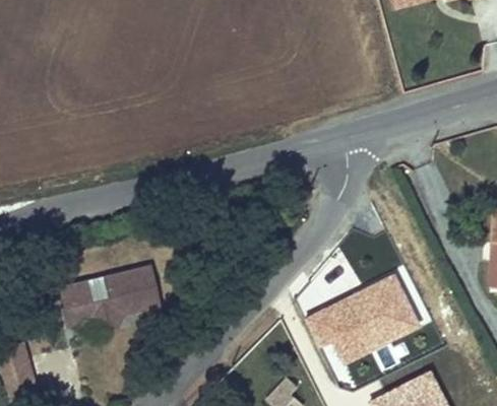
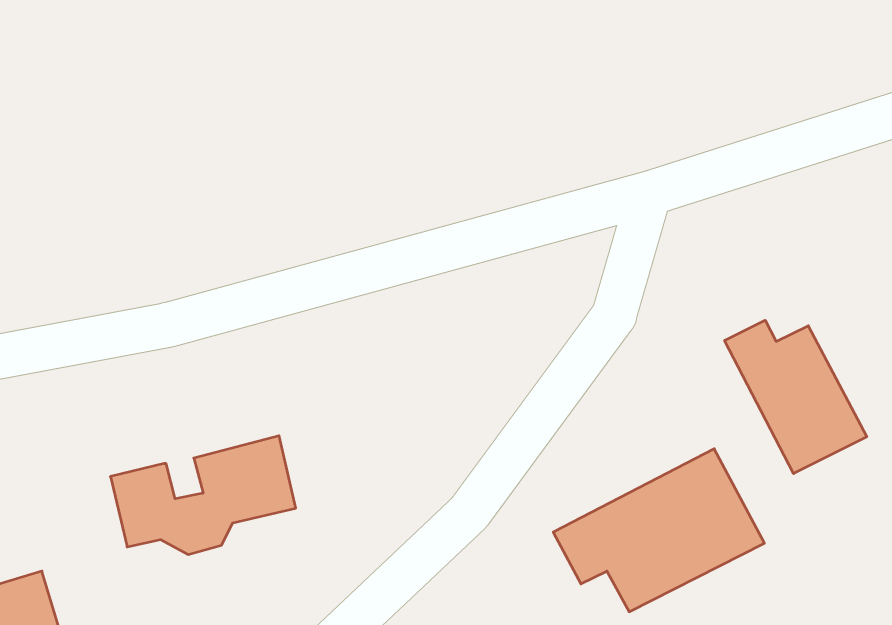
building: none -> [725,320,867,474]

